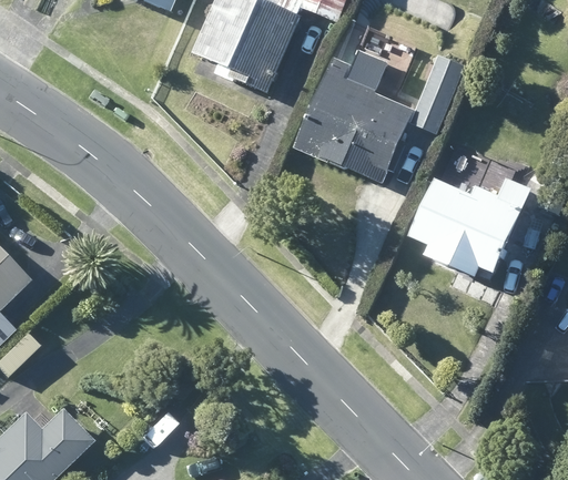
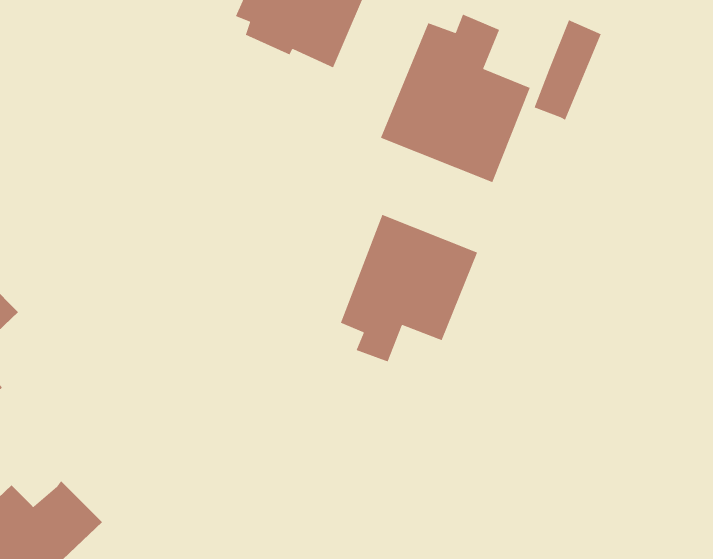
building: [407,176,529,277] -> none
building: none -> [340,214,478,362]

